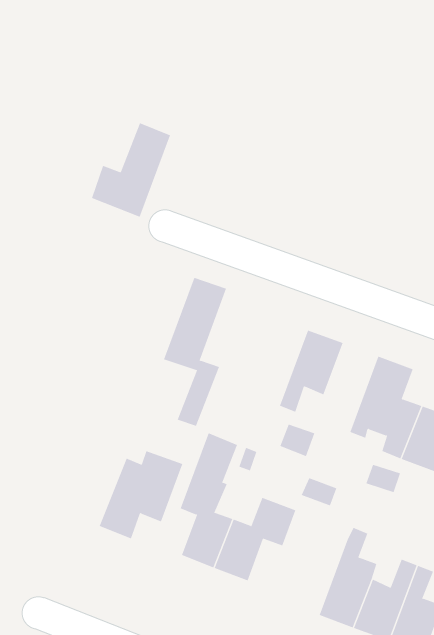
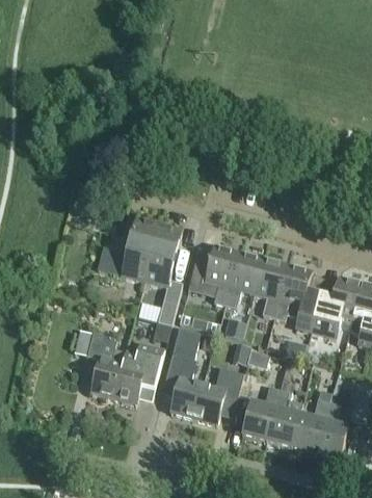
building: [91,123,171,217] -> [109,218,158,282]
building: none -> [189,245,238,305]
building: none -> [254,258,287,317]
building: none -> [73,329,126,398]
building: none -> [241,386,280,442]

